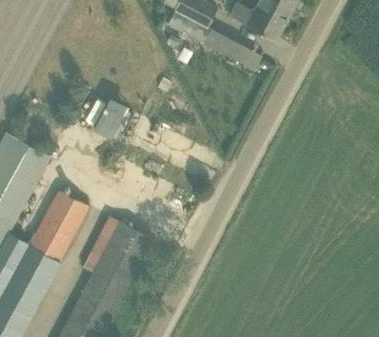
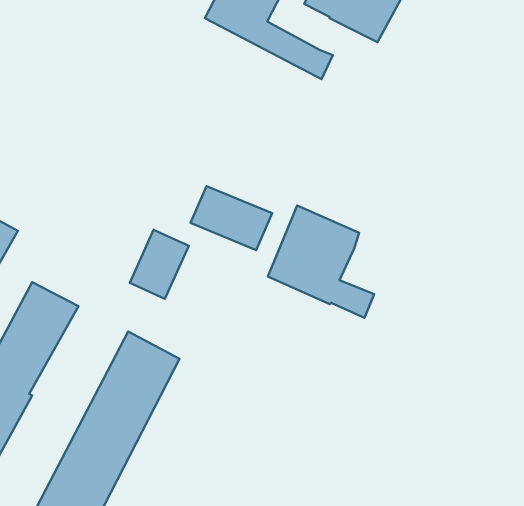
building: [96,96,133,139] -> [130,230,189,299]
building: none -> [268,205,374,318]

